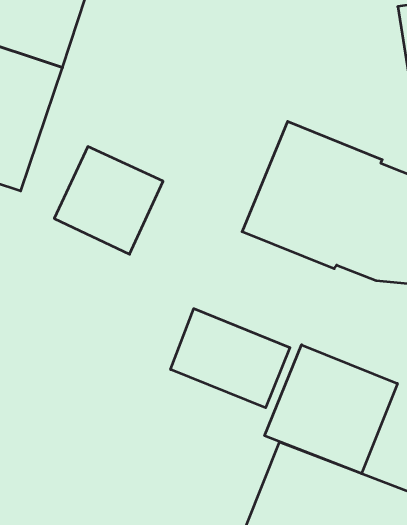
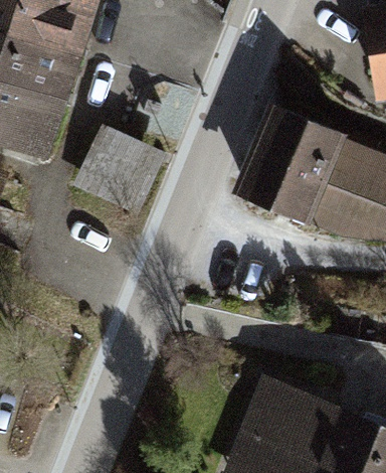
building: [171,309,290,408] -> none
building: [265,345,397,474] -> none

